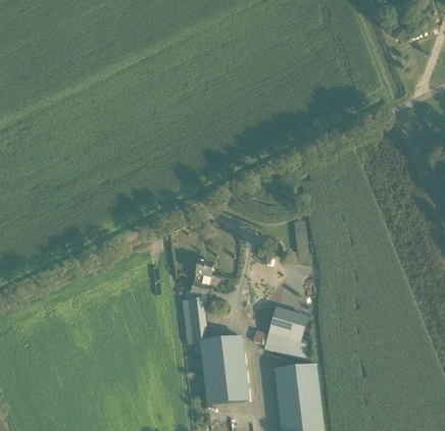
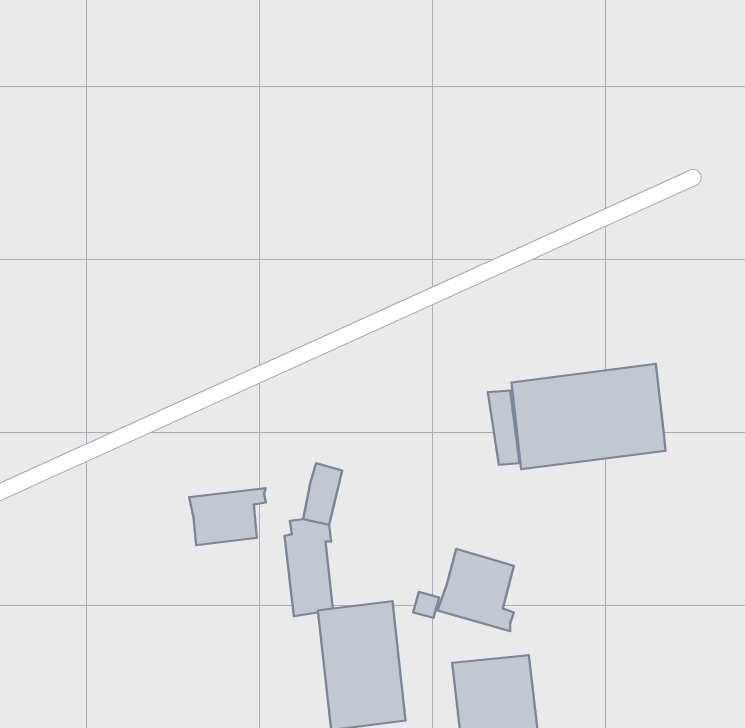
building: none -> [512,364,666,469]
building: none -> [189,488,266,545]

